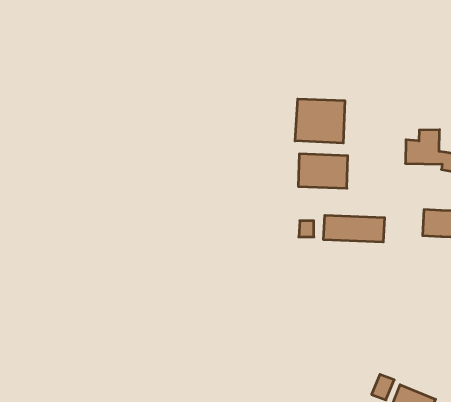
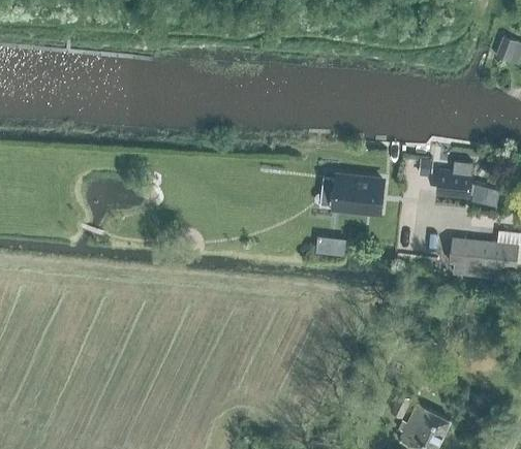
building: [295,99,345,143] -> none
building: [324,215,385,242] -> none

